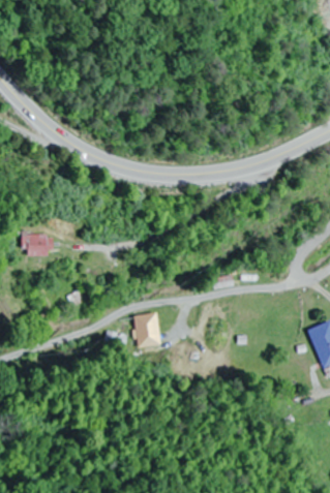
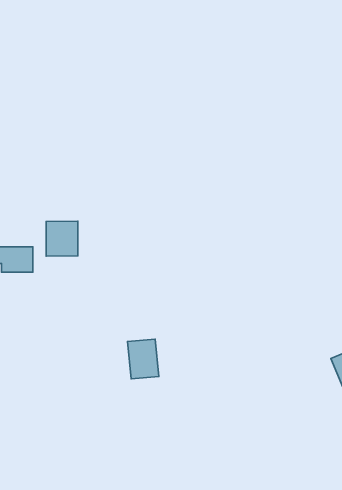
building: none -> [46,221,78,256]

